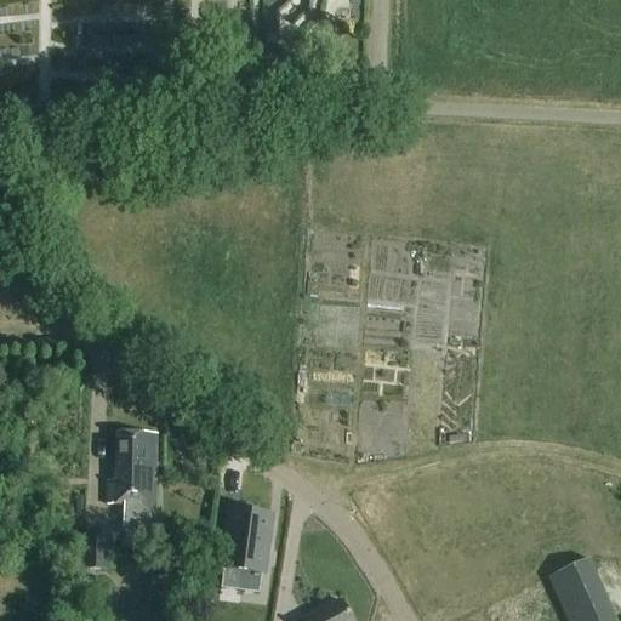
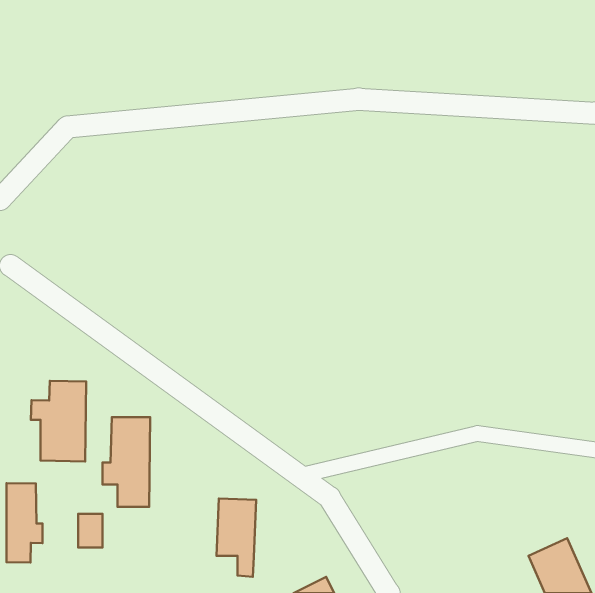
building: none -> [31,381,86,461]
building: none -> [7,483,43,562]

